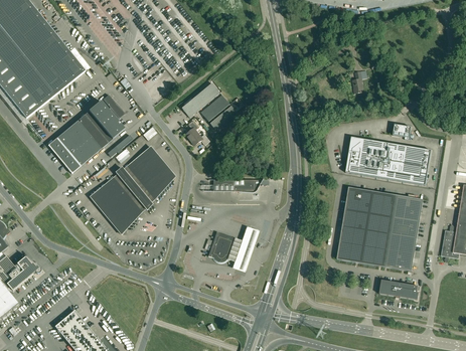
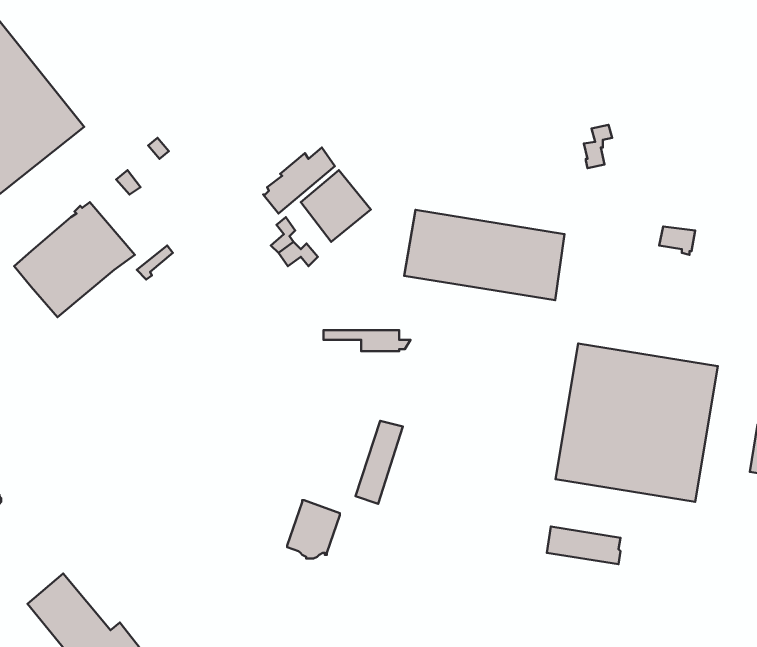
building: [88,101,124,139] -> none
building: [344,136,430,184] -> [404,210,565,300]
building: [90,146,174,233] -> none
building: [207,230,236,261] -> [287,500,340,559]
building: [378,279,418,299] -> [547,527,621,564]

